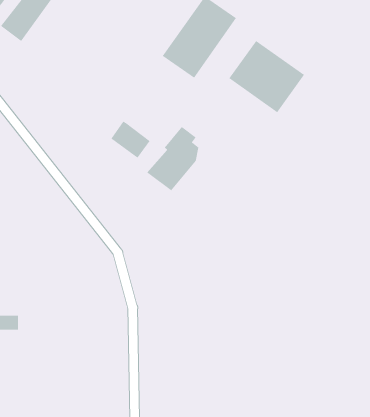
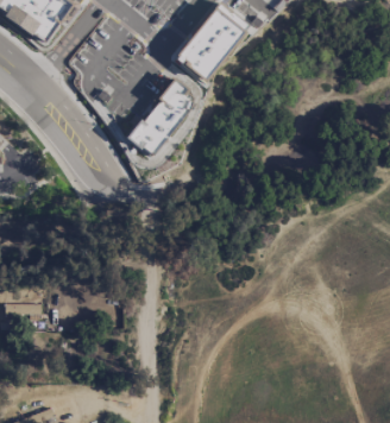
building: [228,40,305,113] -> none
building: [146,126,199,191] -> [140,77,190,139]

